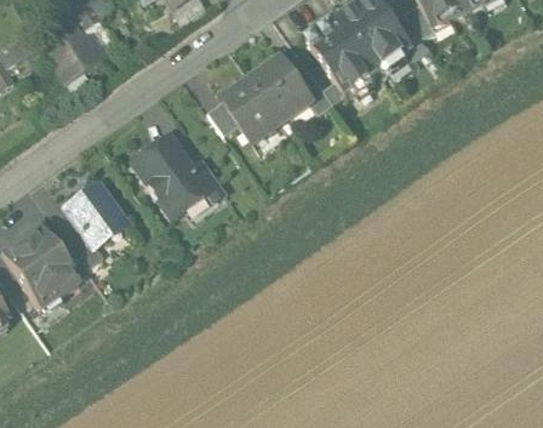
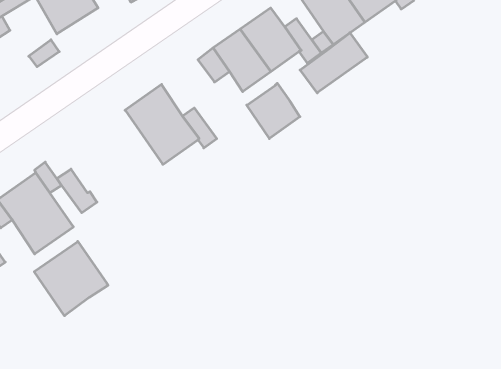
building: none -> [300,33,367,93]
building: none -> [247,83,300,139]
building: [65,183,125,245] -> none
building: none -> [34,241,108,316]

